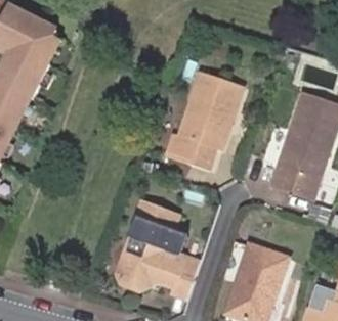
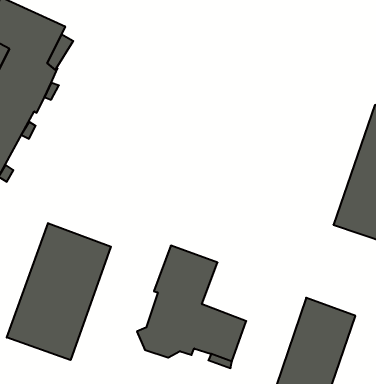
building: [165,72,244,170] -> none
building: none -> [7,223,111,360]

